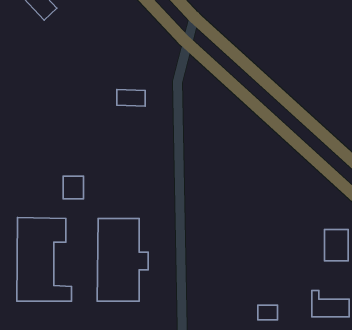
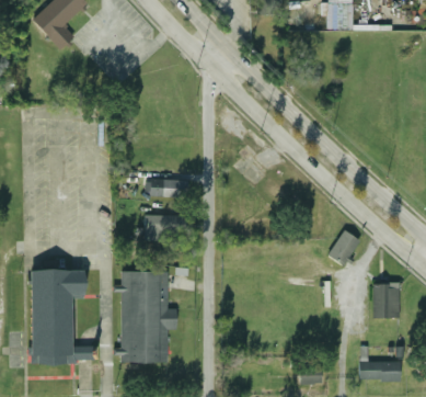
building: [117,89,145,106] -> [150,178,182,196]
building: [63,176,84,199] -> [146,215,169,240]
building: none -> [330,229,360,264]

